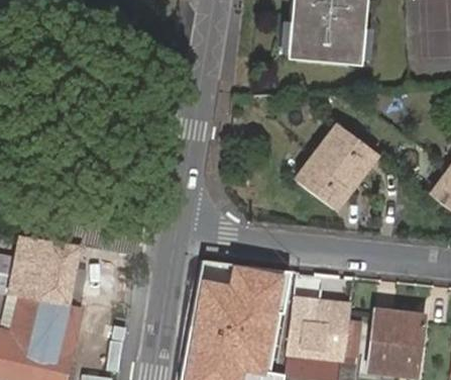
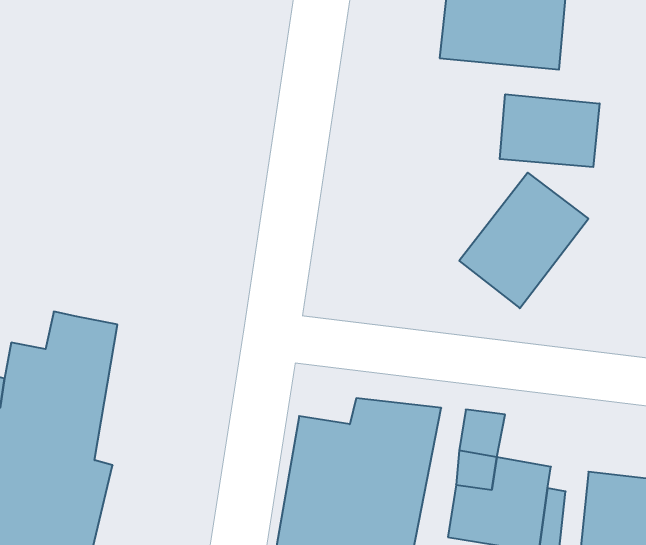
building: none -> [500,94,600,167]

